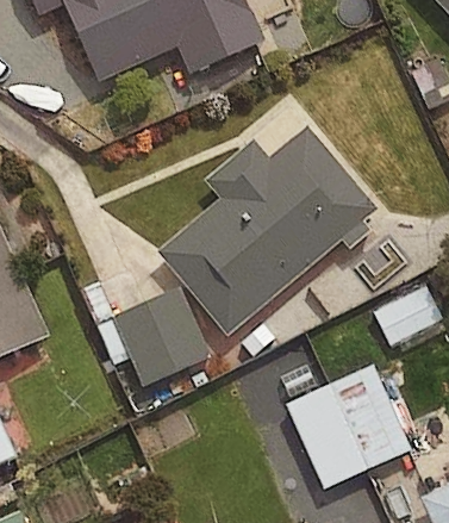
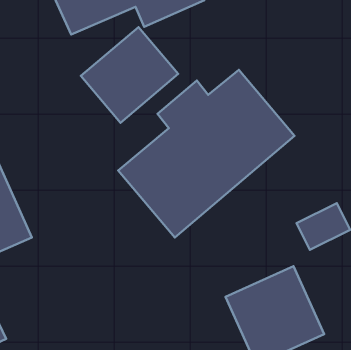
building: none -> [81,27,178,123]
building: [99,294,206,387] -> none

